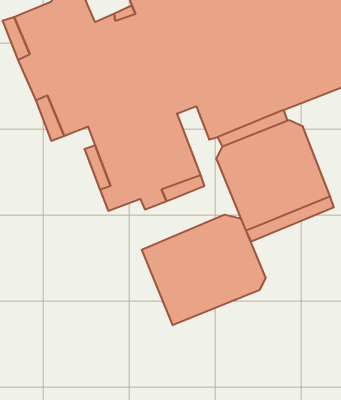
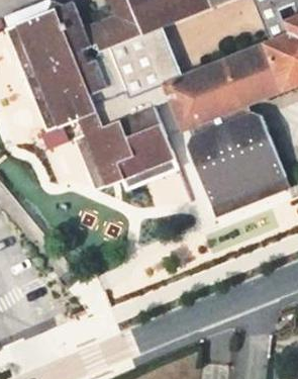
building: [142,215,266,325] -> none

